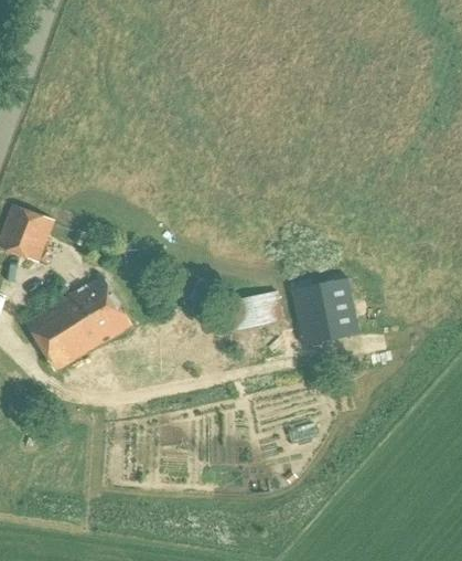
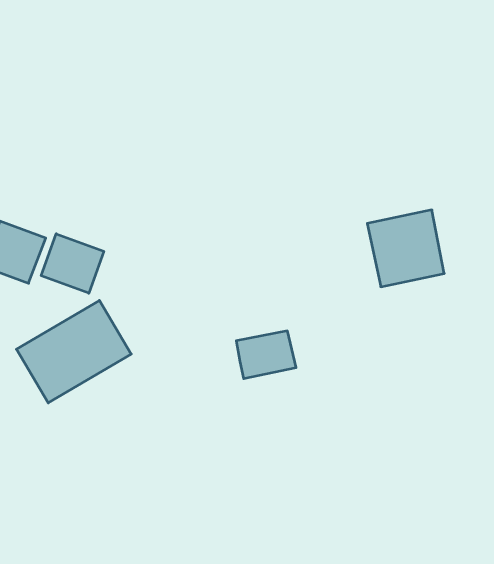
building: none -> [41,234,104,293]
building: [290,276,359,346] -> [367,210,444,287]

